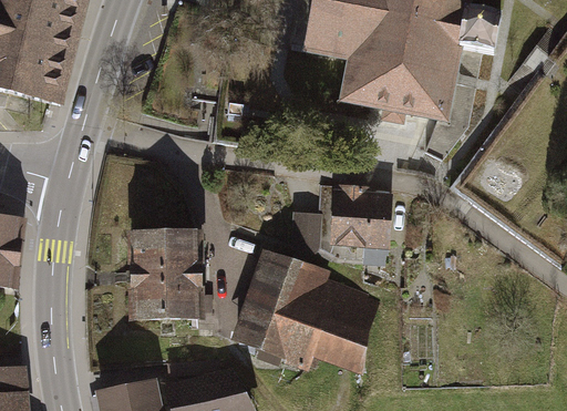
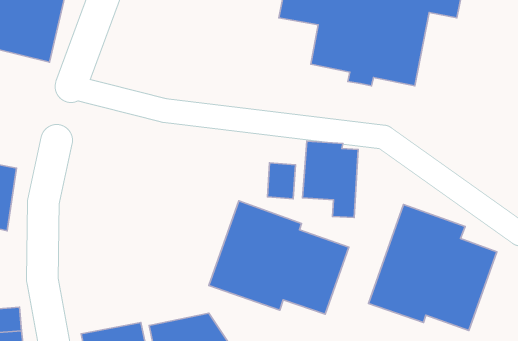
building: [130,229,199,315] -> none
building: none -> [369,204,497,330]

